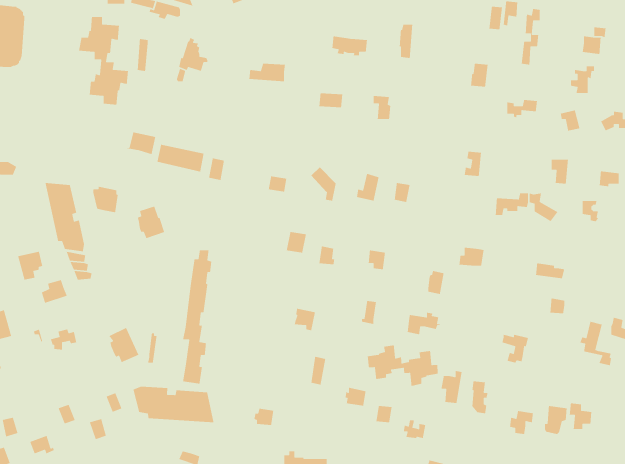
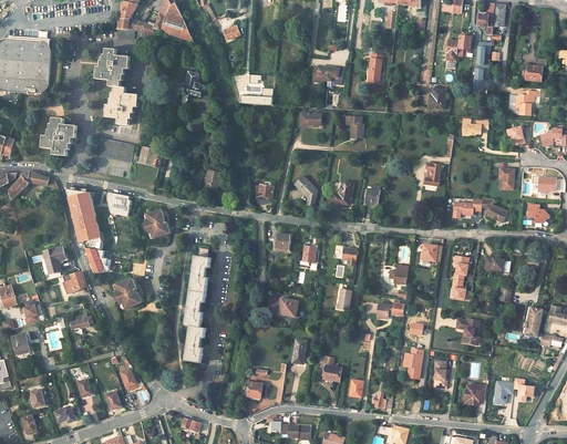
building: none -> [41,114,75,154]
building: [157,144,205,173] -> [92,136,133,161]
building: none -> [453,256,471,301]
building: [108,327,139,363] -> [114,279,141,310]
building: [367,344,439,387] -> none
building: [133,386,215,423] -> none

